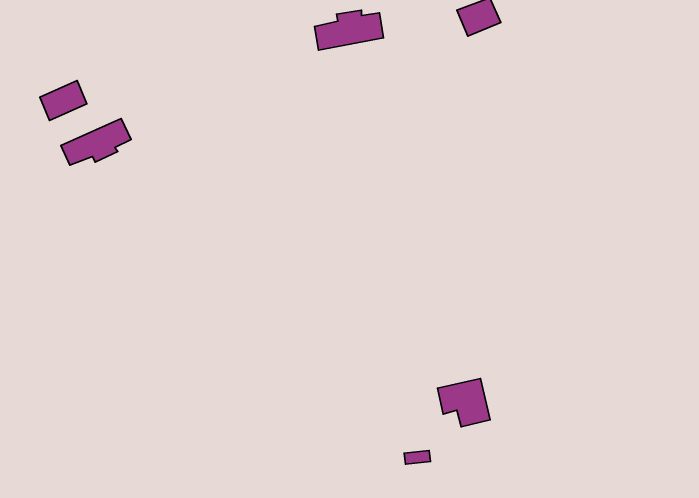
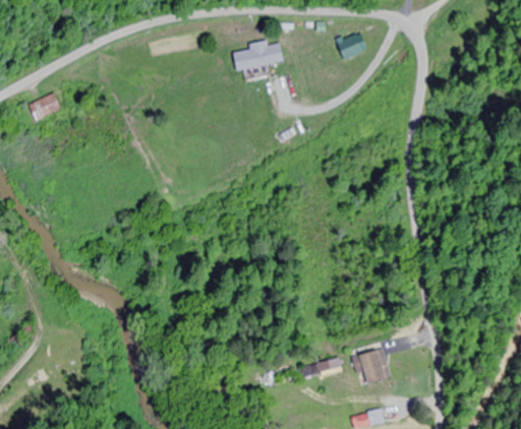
building: [61,118,131,165] -> none
building: [438,378,490,427] -> [352,348,391,383]

